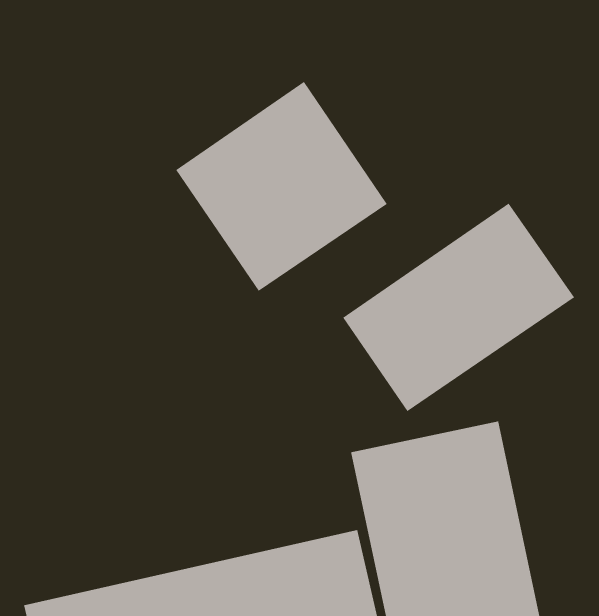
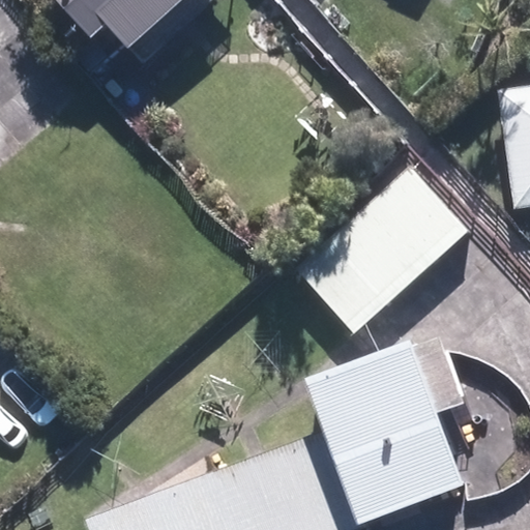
building: [175,81,388,292] -> none

